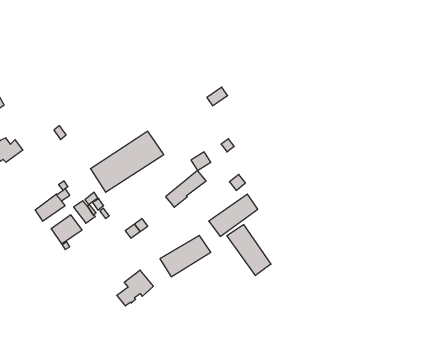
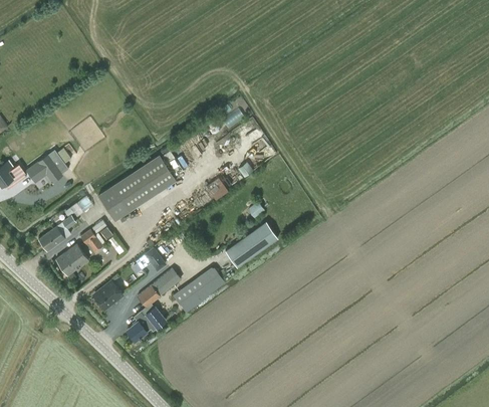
building: none -> [26,155,62,183]
building: [166,171,206,207] -> [138,268,181,308]
building: [227,225,271,276] -> none
building: none -> [93,281,123,310]

